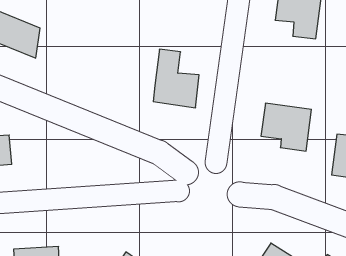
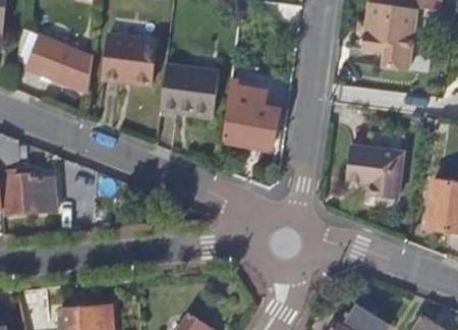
building: none -> [103,32,157,86]
building: none -> [161,64,218,115]

